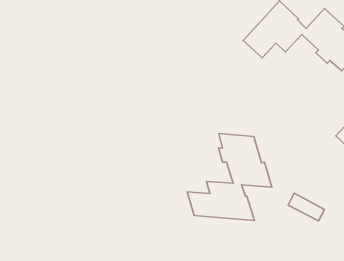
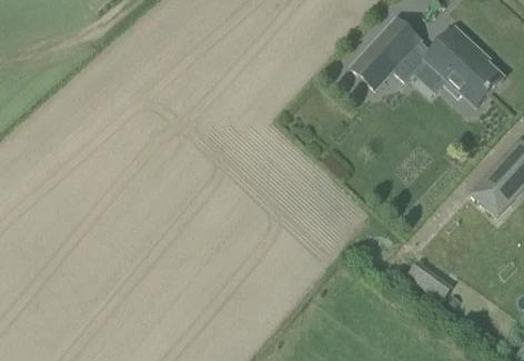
building: [187,133,272,221] -> none

